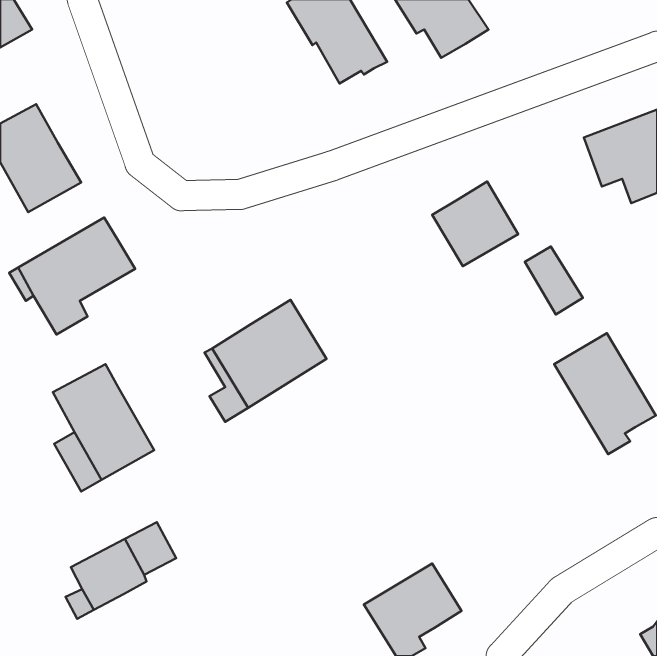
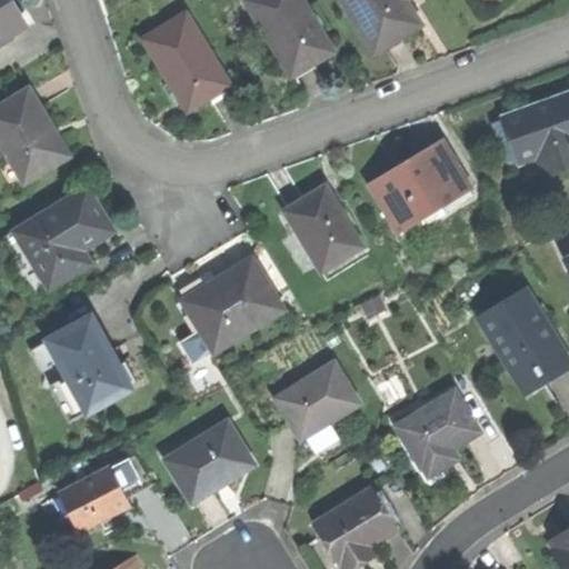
building: none -> [146,13,232,110]
building: none -> [283,187,361,272]
building: [525,246,583,315] -> [421,143,471,202]
building: none -> [276,360,360,437]
building: none -> [396,388,480,472]
building: none -> [166,419,252,498]

